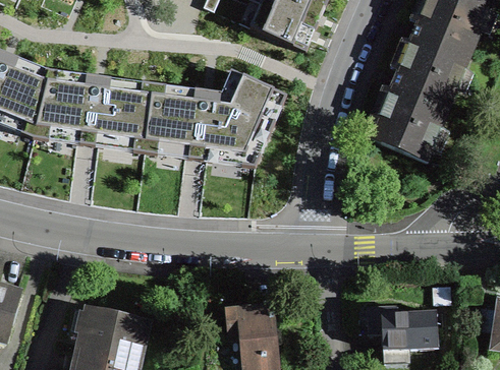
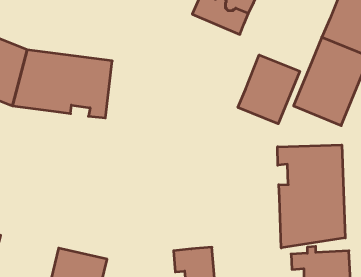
building: [144,68,285,166] -> none
building: none -> [238,55,300,124]
building: none -> [278,145,345,248]

